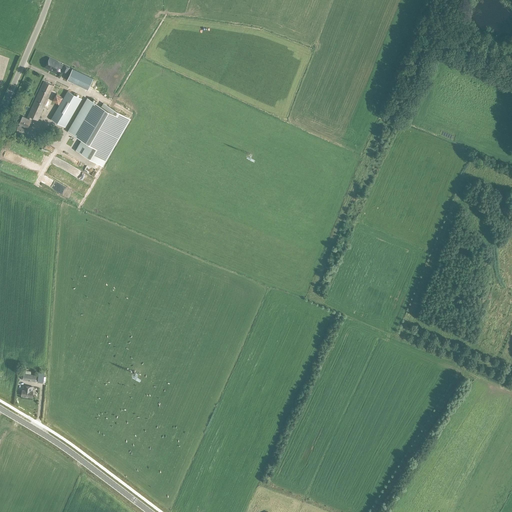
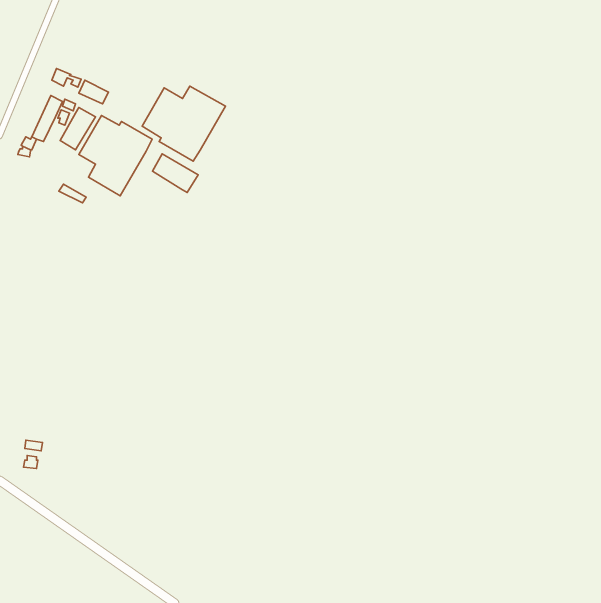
building: none -> [142,86,225,161]
building: none -> [152,154,198,193]

